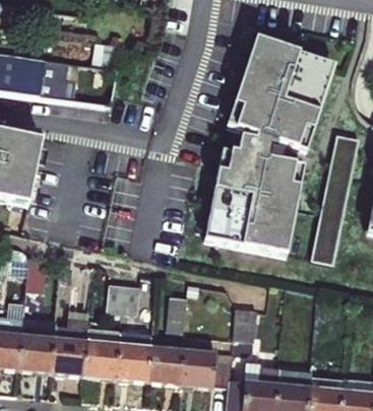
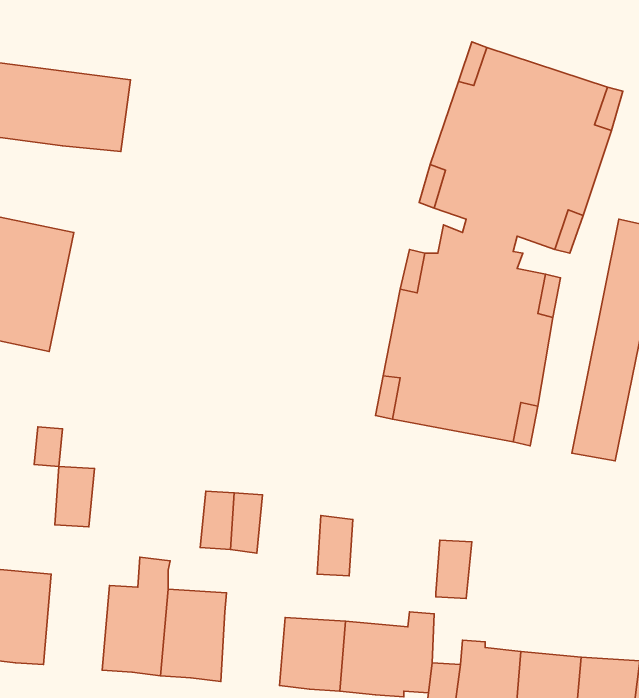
building: [24,325,60,376] -> none
building: [120,345,154,385] -> none

